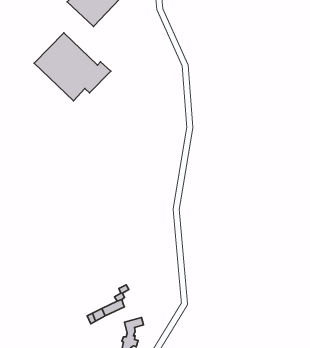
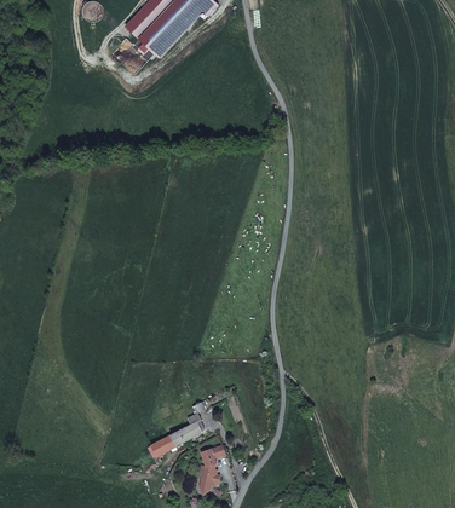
building: [34,33,111,101] -> none

